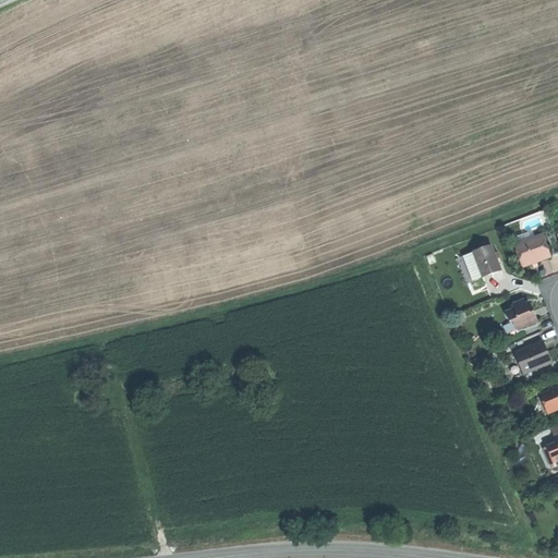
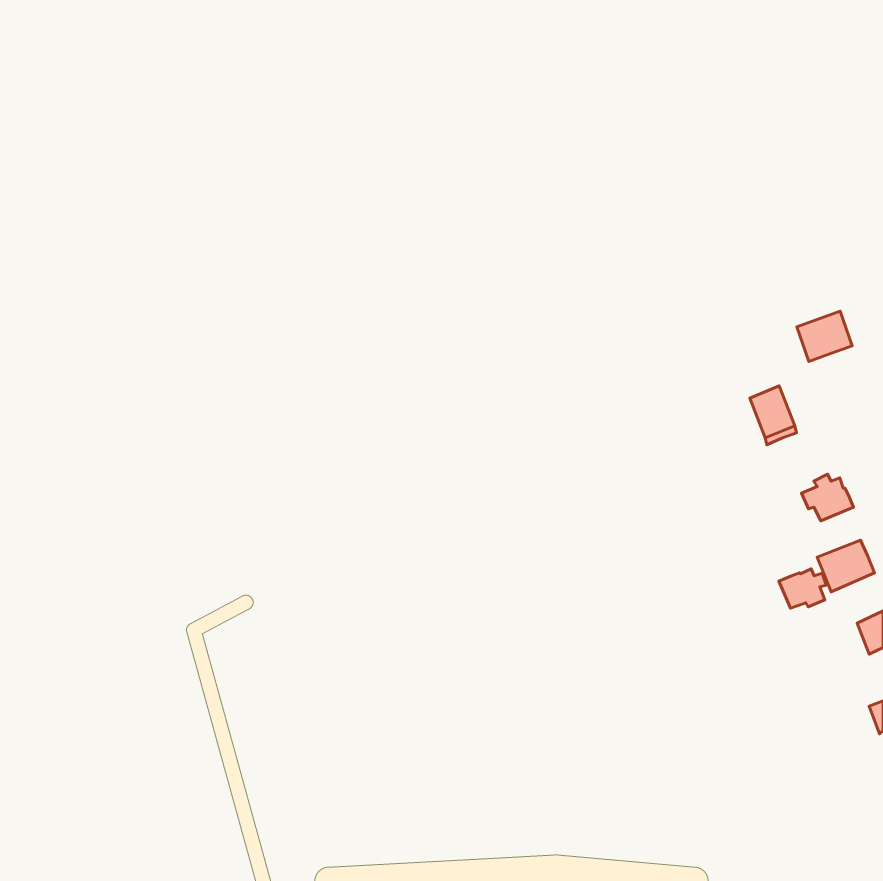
building: [514,233,549,265] -> [797,311,852,361]
building: none -> [779,569,826,608]

